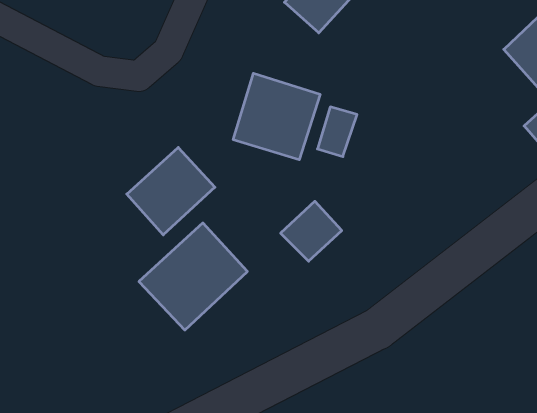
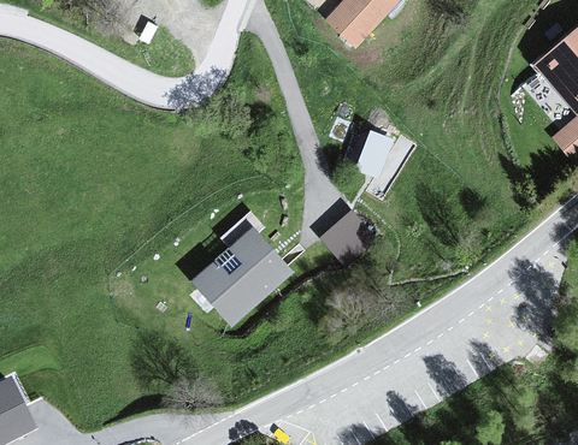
building: [233,73,320,160] -> none
building: [127,147,215,235] -> none

